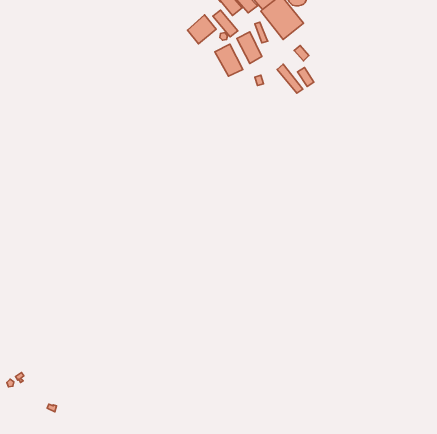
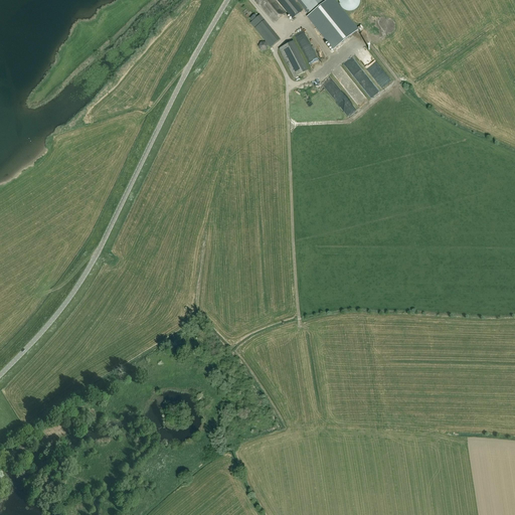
building: [188,15,216,44] -> none
building: [215,44,243,76] -> none

